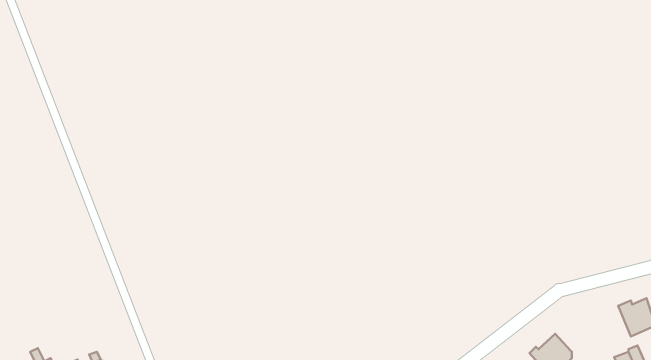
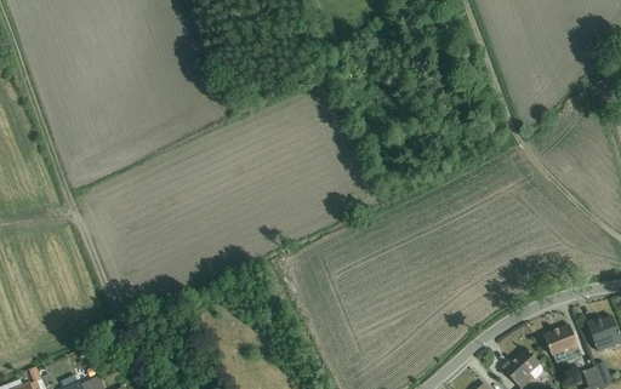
building: none -> [542,326,580,364]

